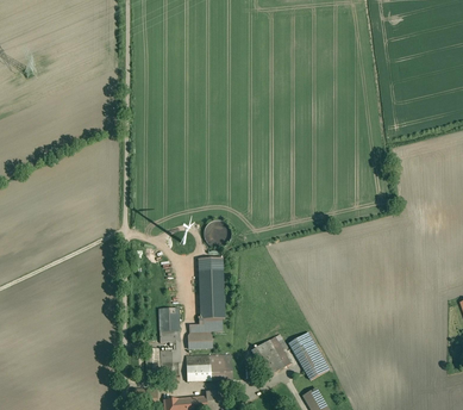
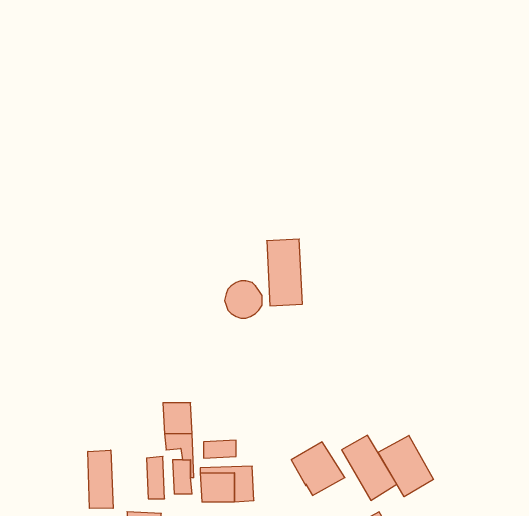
building: [199,269,225,318] -> [267,239,302,306]
building: none -> [378,435,433,497]
building: none -> [88,450,113,508]

